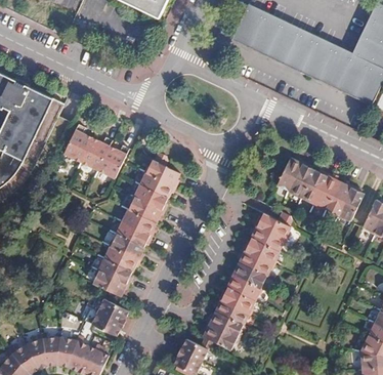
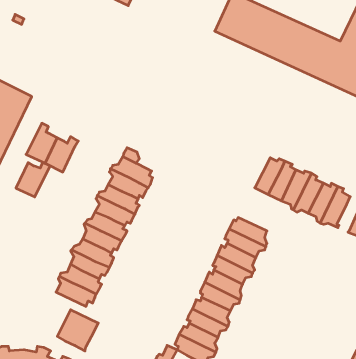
building: [96,149,128,180] -> [16,163,50,197]

